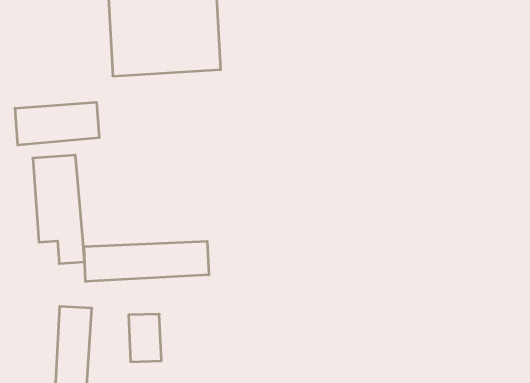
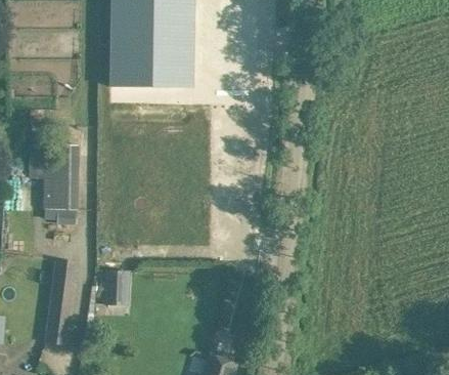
building: [15,102,99,145] -> none
building: [84,241,209,282] -> none

